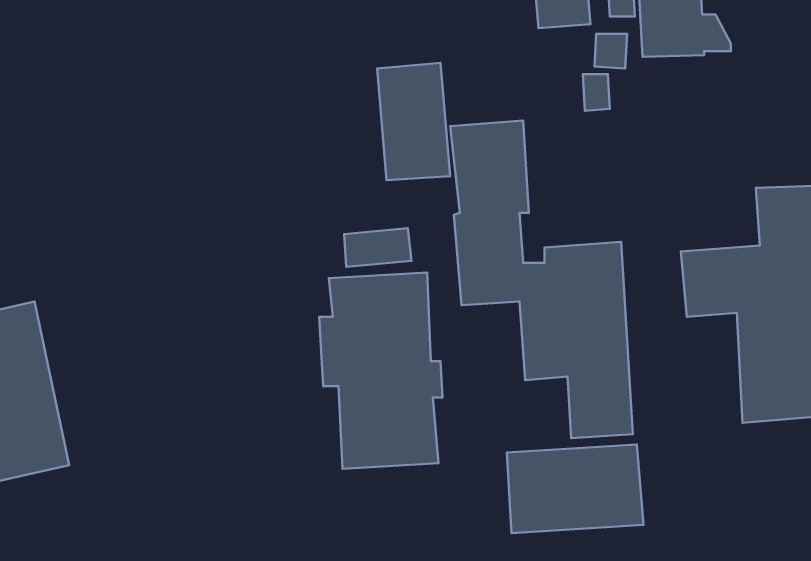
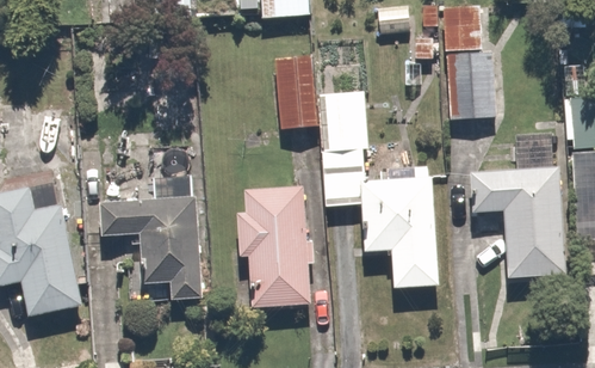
building: none -> [444,53,492,121]
building: none -> [103,176,205,301]
building: [507,445,644,533] -> none

